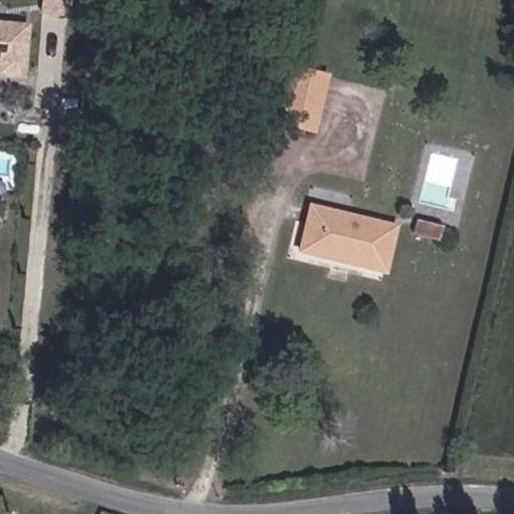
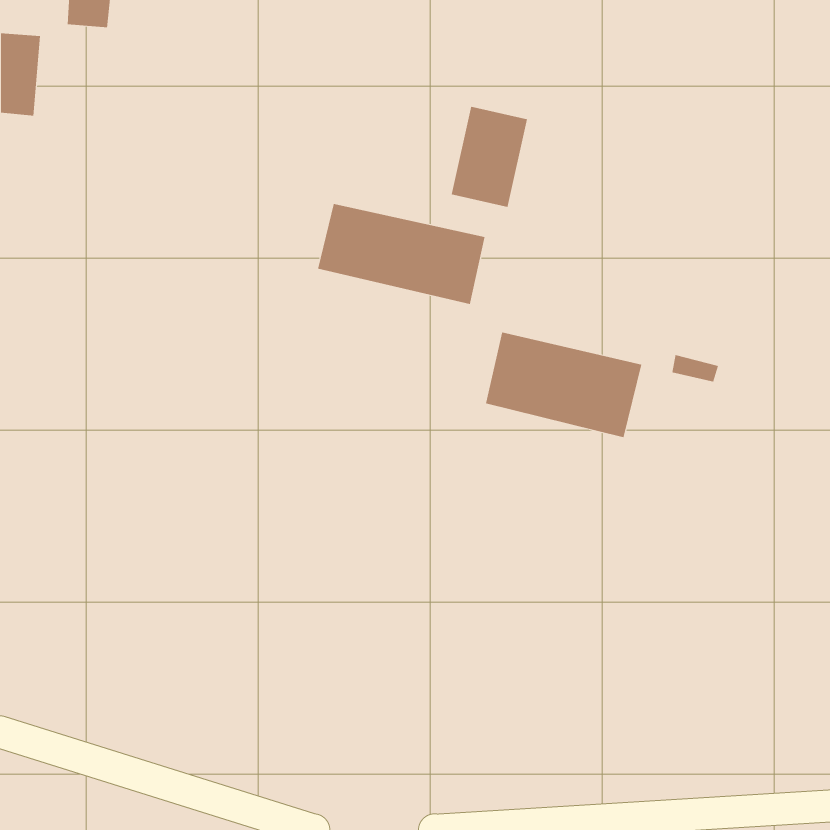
building: none -> [317,203,485,305]

